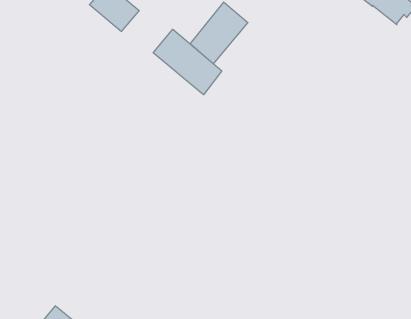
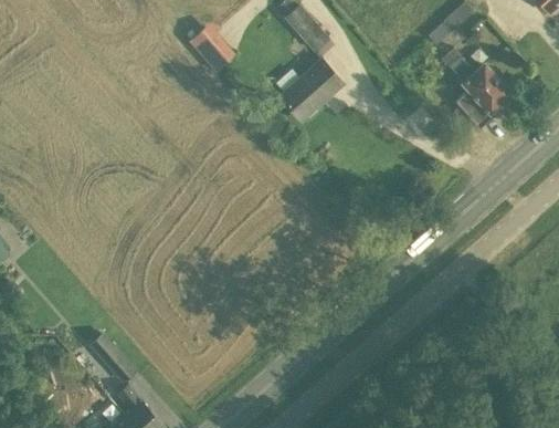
building: none -> [454,87,495,127]
building: [153,29,222,95] -> none

